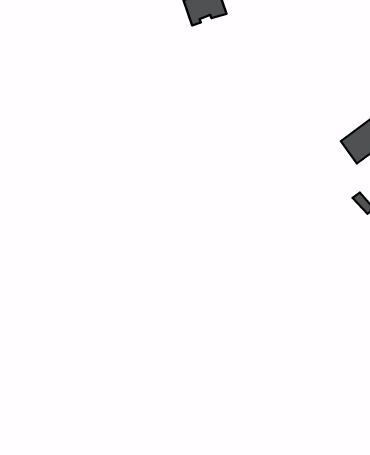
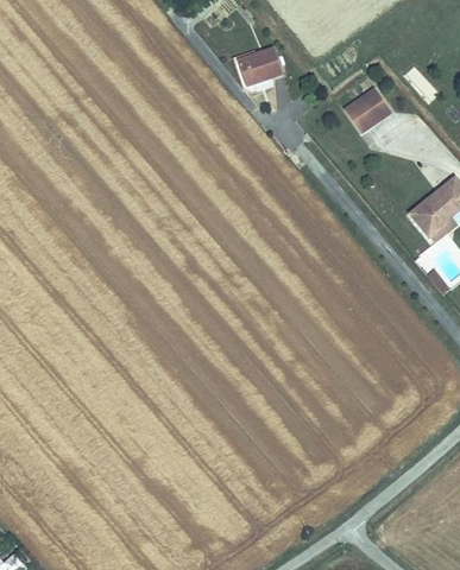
building: none -> [347,89,389,128]

